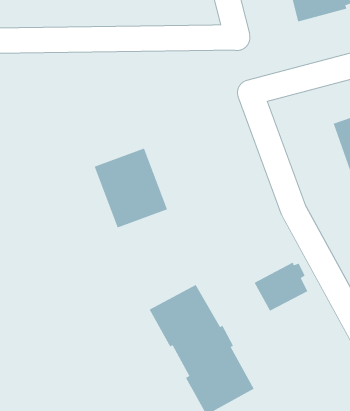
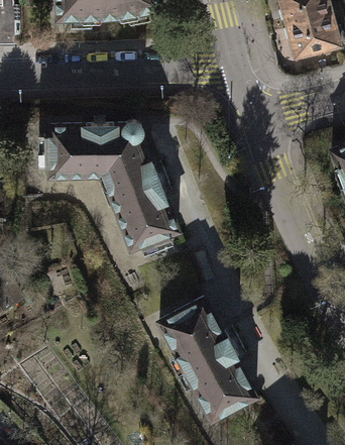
building: none -> [49,120,155,191]
building: [254,262,308,312] -> none

